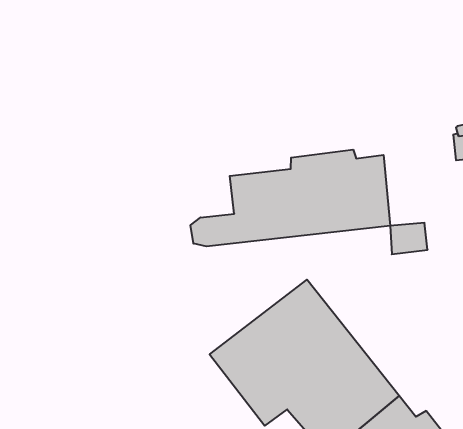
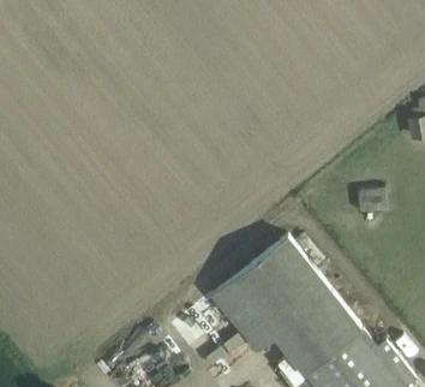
building: [191,150,390,246] -> none

